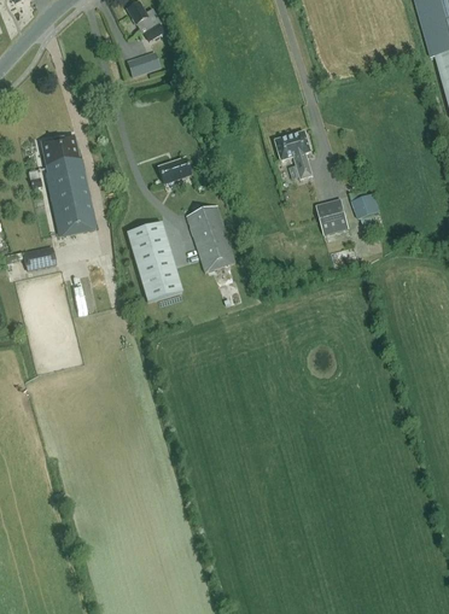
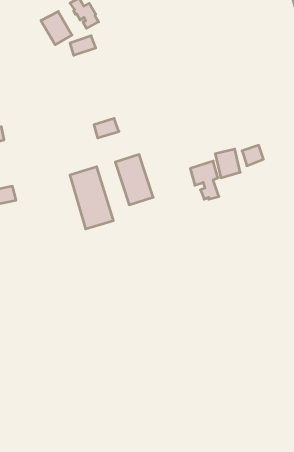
building: none -> [41,11,72,45]
building: [274,129,311,179] -> [190,161,219,199]
building: [42,136,97,236] -> none

